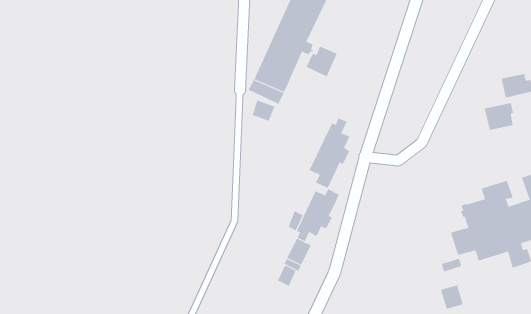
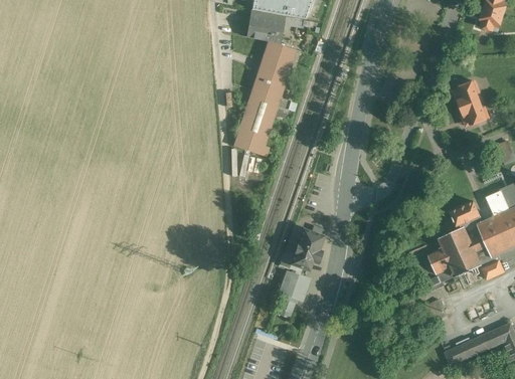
building: [306,46,338,77] -> none
building: [484,103,514,131] -> [451,82,479,110]
building: [309,118,350,189] -> none

